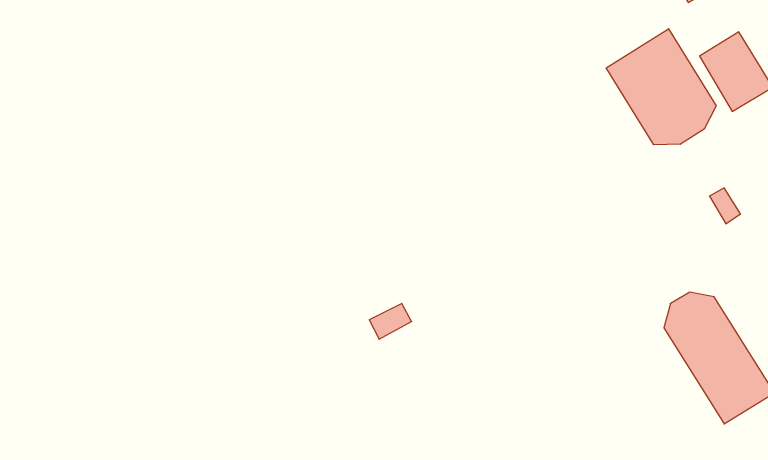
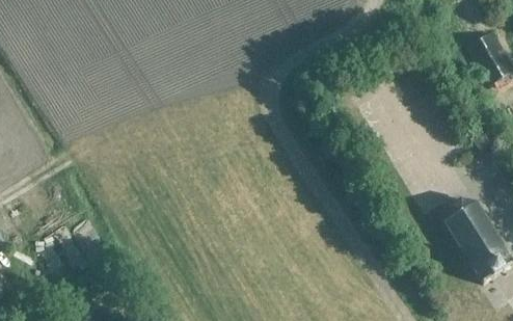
building: [606,29,716,145] -> none

